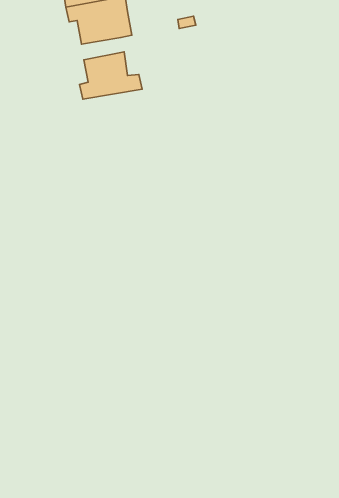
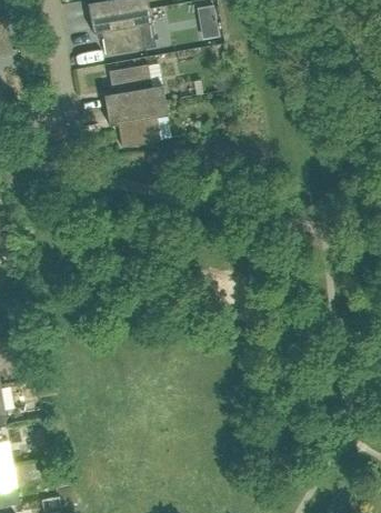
building: none -> [107,100,168,148]

